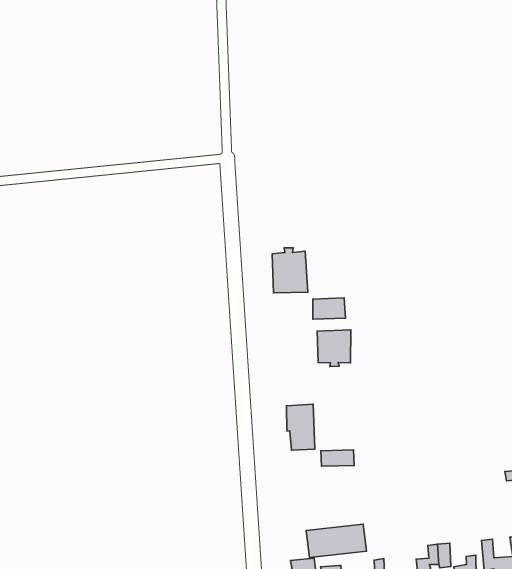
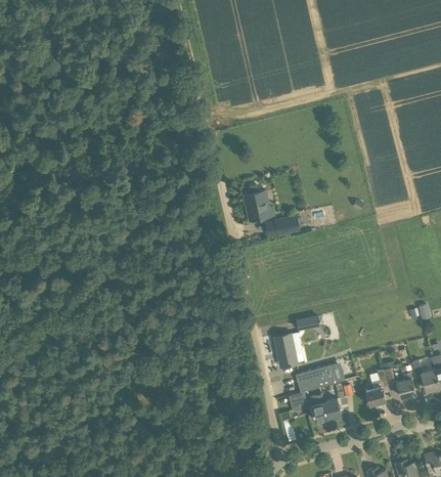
building: [317,330,351,367] -> none
building: [286,404,315,450] -> [274,334,298,366]

